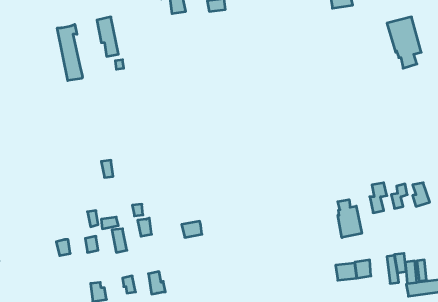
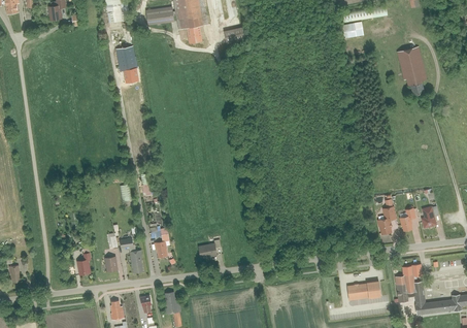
building: [57,24,82,81] -> none
building: [338,200,362,238] -> none

